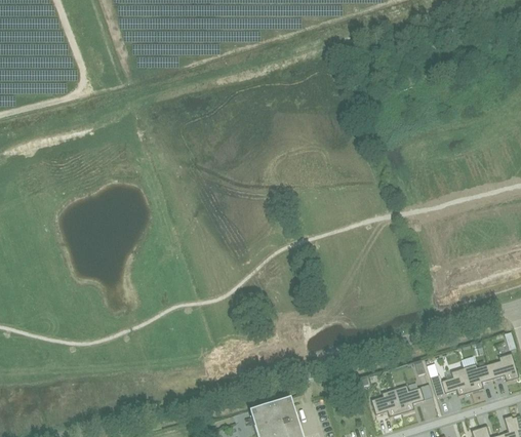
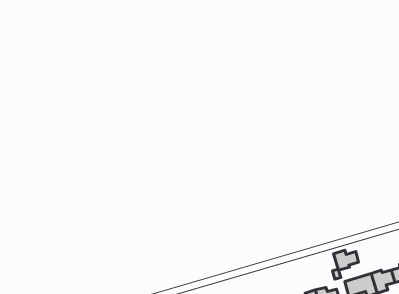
building: none -> [333,250,358,270]

